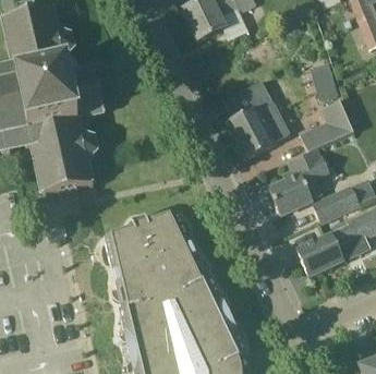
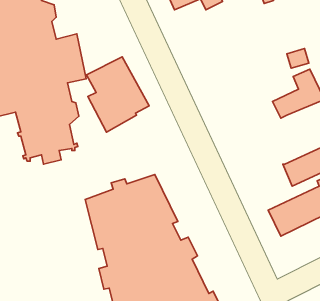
building: [225,81,290,159] -> [87,57,149,132]
building: [267,149,329,215] -> none

